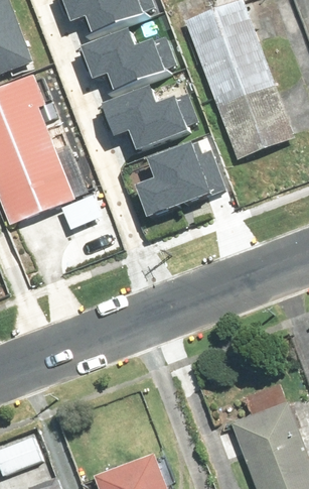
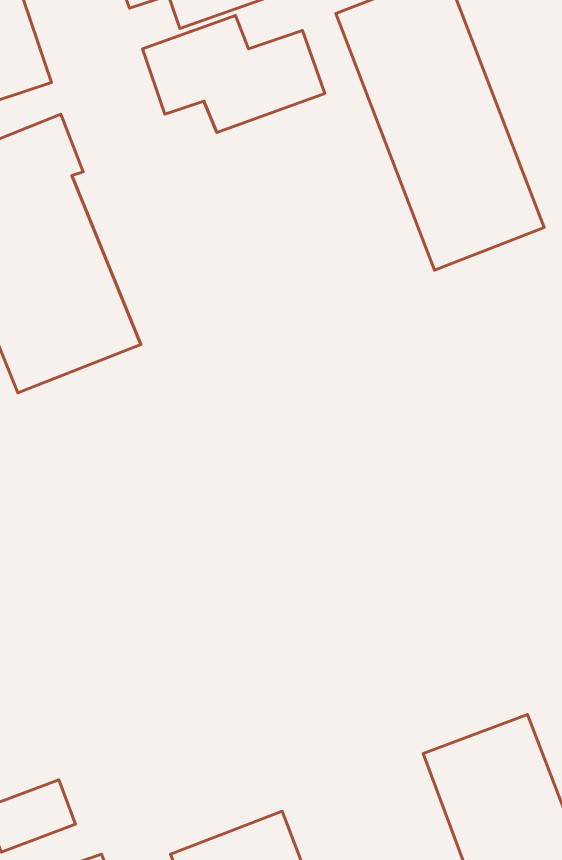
building: [102,80,196,144] -> none
building: [135,139,223,216] -> none

